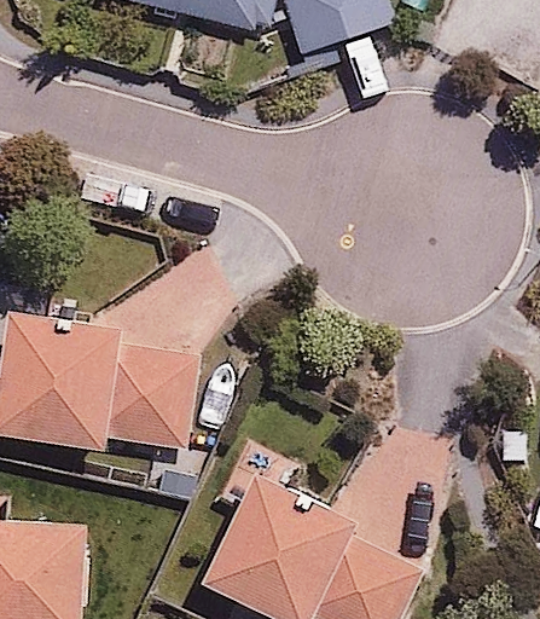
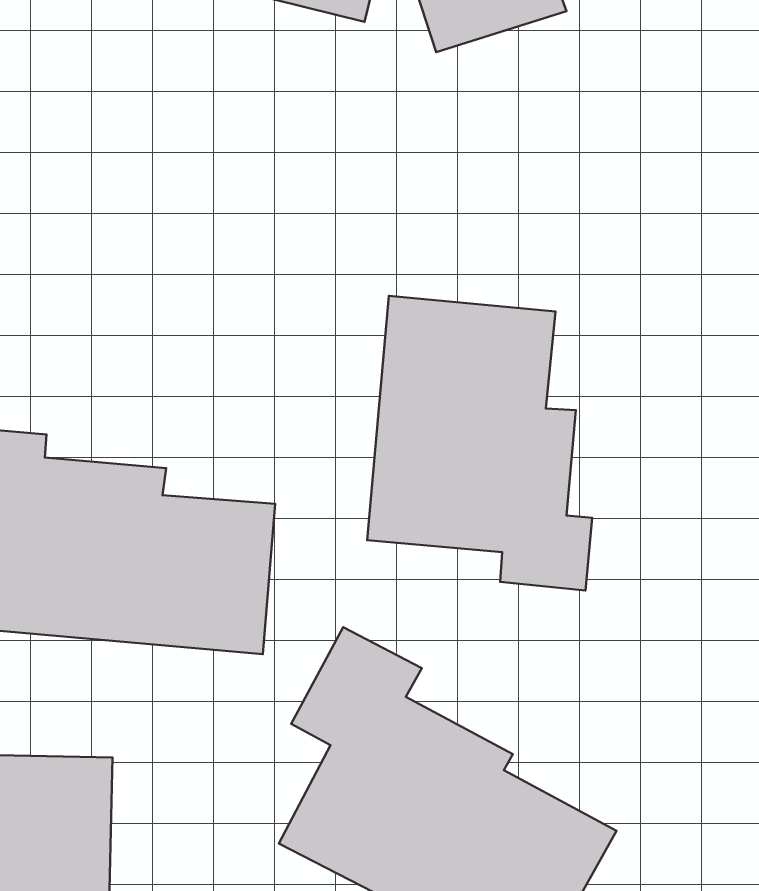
building: none -> [367,296,592,590]

